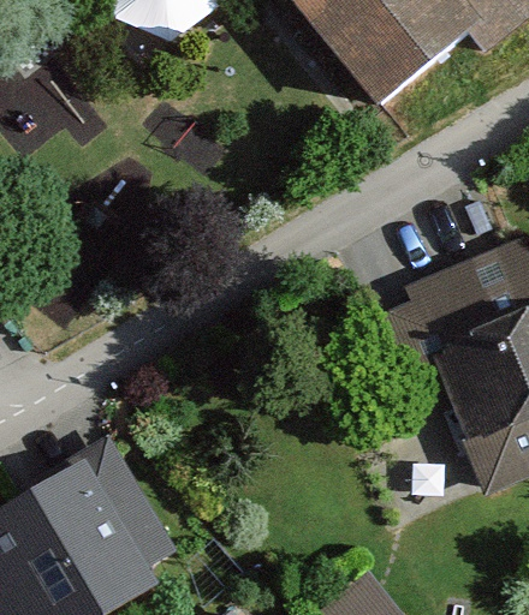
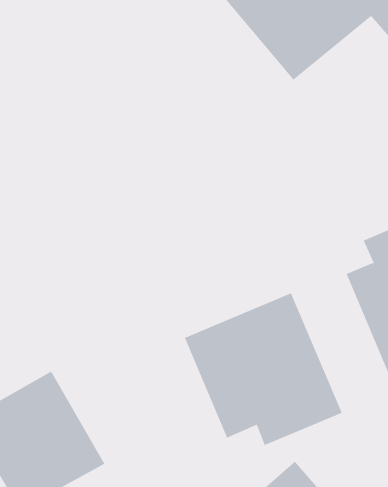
building: none -> [184,292,343,446]

